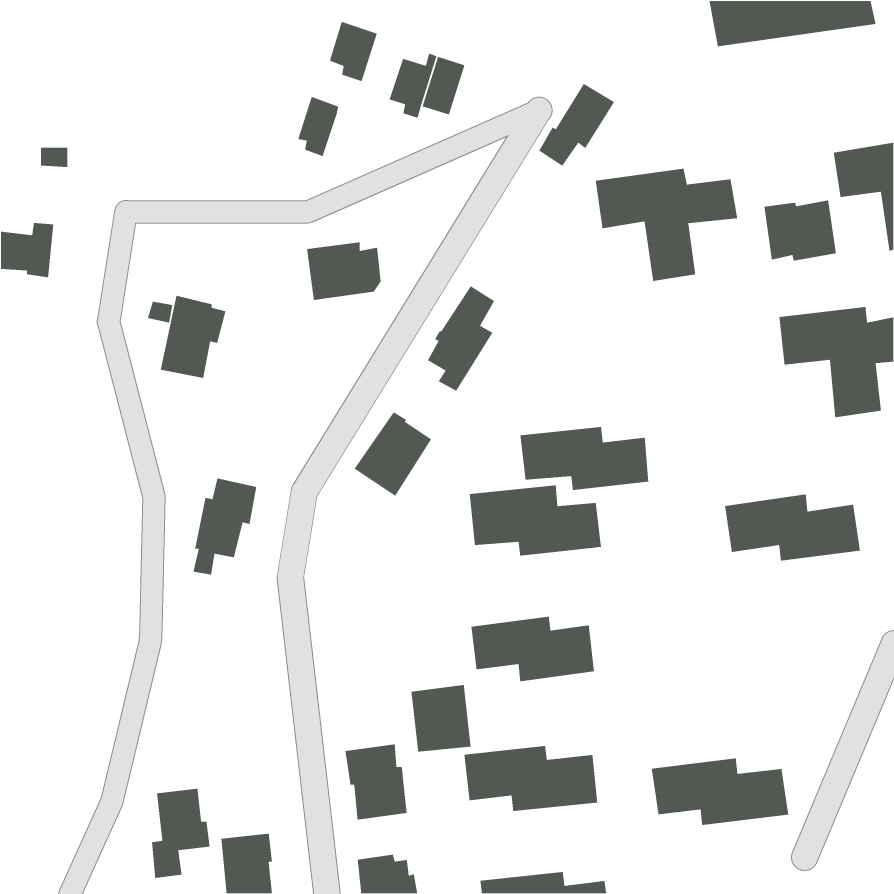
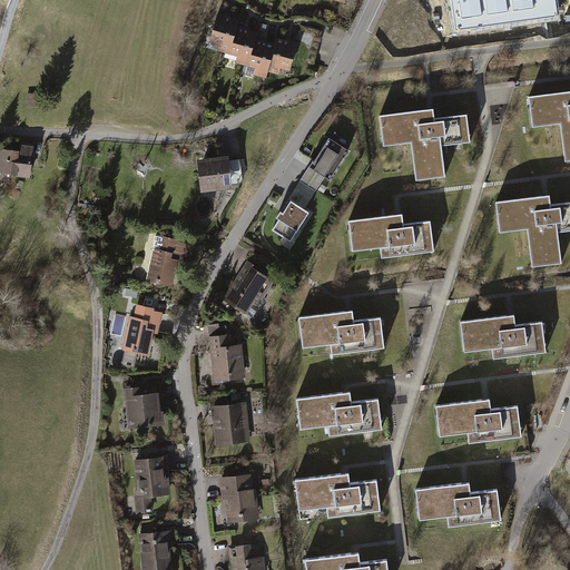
building: [538,83,615,167] -> [299,138,348,191]
building: [297,96,339,157] -> [230,24,257,63]
building: [763,200,837,261] -> none
building: [160,295,226,379] -> [146,233,188,286]
building: [520,426,649,491] -> [348,215,431,256]
building: none -> [207,323,246,381]
building: none -> [124,384,166,429]
building: none -> [434,399,523,441]
building: [410,684,472,752] -> [212,402,250,445]
building: [151,788,211,879] -> [134,456,171,514]

